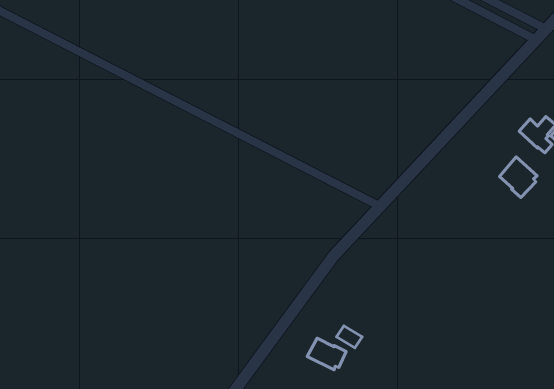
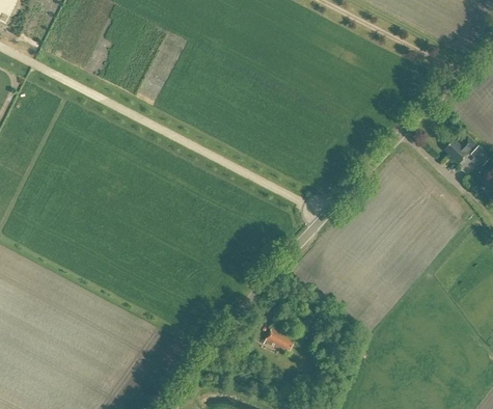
building: [499,157,537,198] -> none

